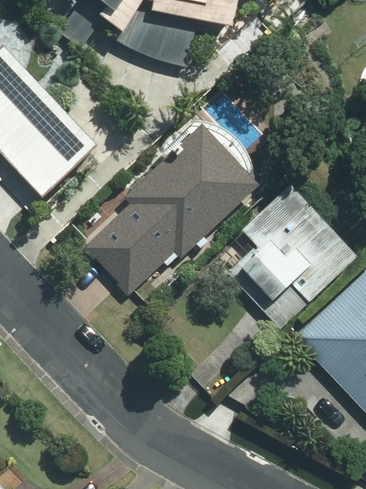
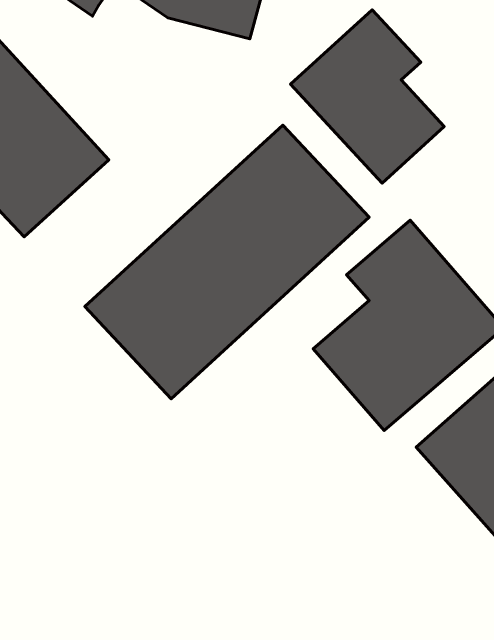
building: none -> [290,10,444,183]

